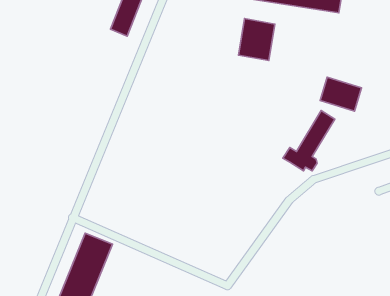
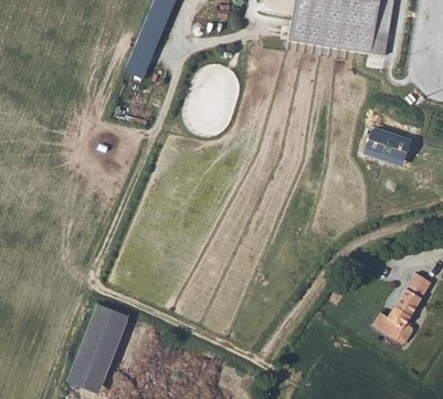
building: [239,19,275,61] -> none
building: [283,110,335,171] -> [370,272,429,340]

